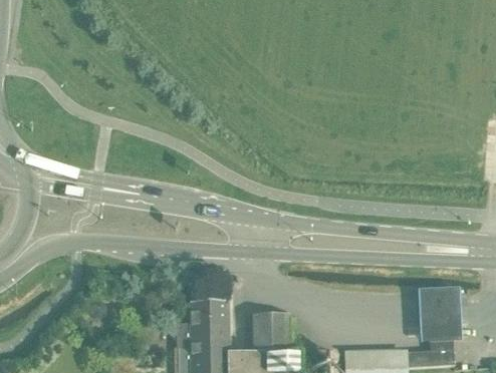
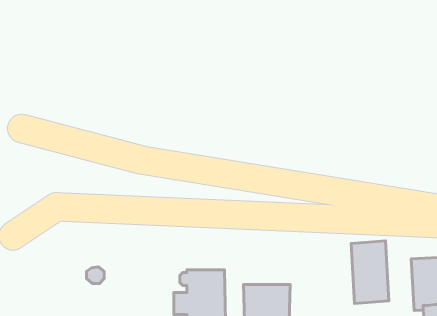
building: none -> [351,241,389,303]

